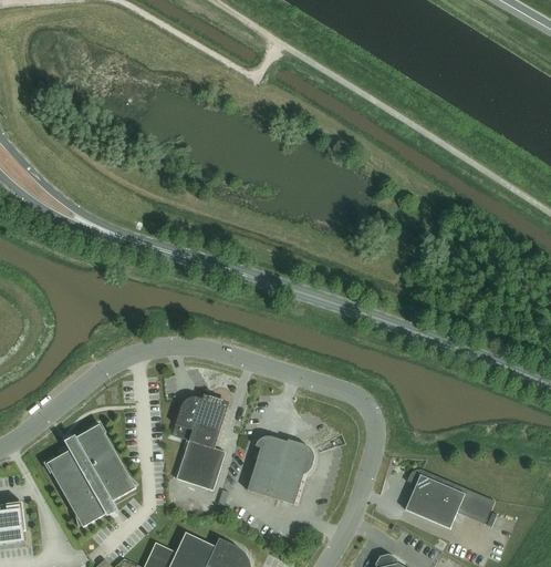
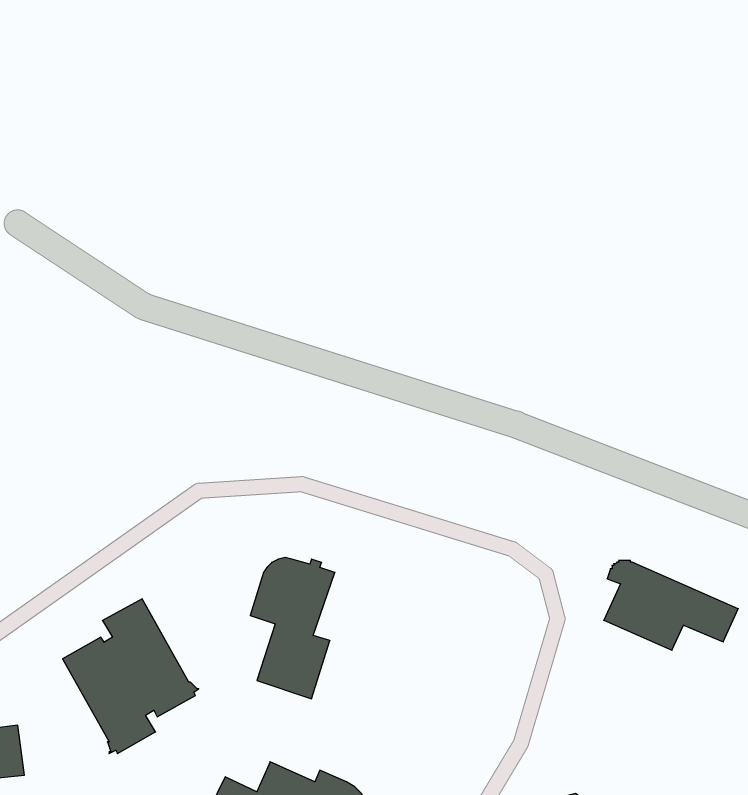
building: [247,436,313,505] -> none
building: [404,470,493,529] -> [604,560,738,650]

